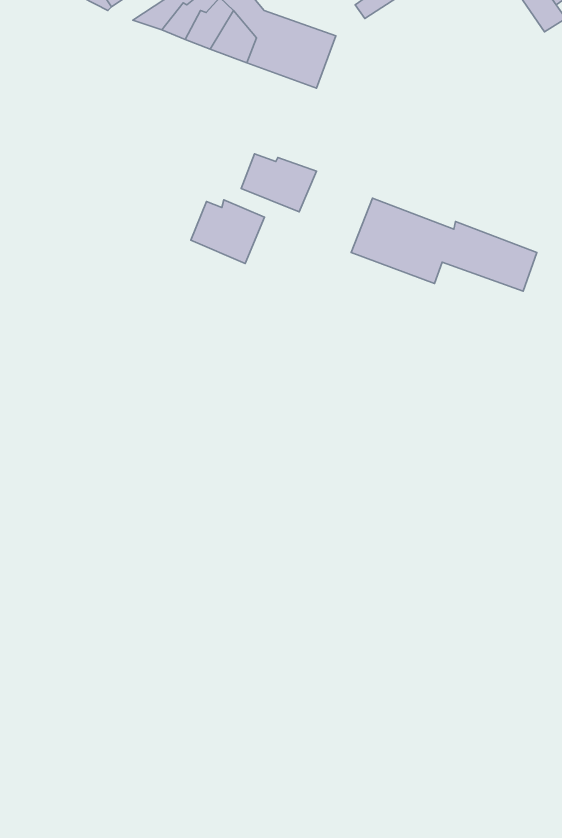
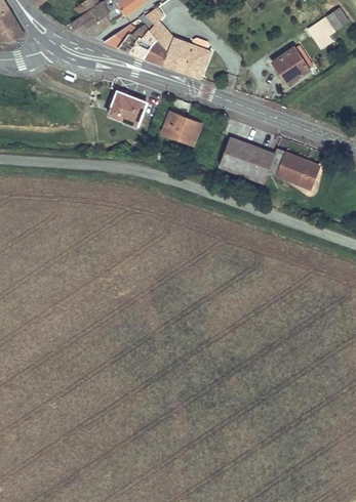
building: none -> [273,48,310,84]
building: [191,200,264,264] -> [108,93,147,127]

